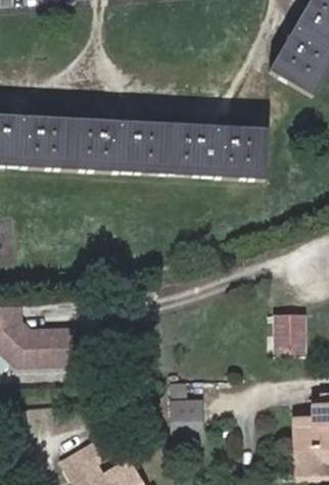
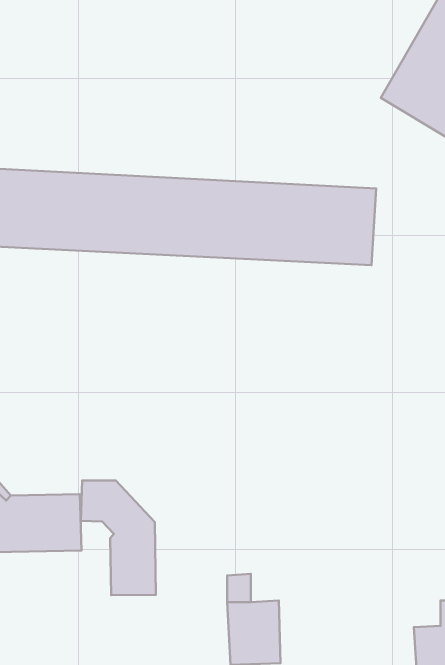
building: [274,317,304,351] -> none
building: none -> [81,481,156,595]

